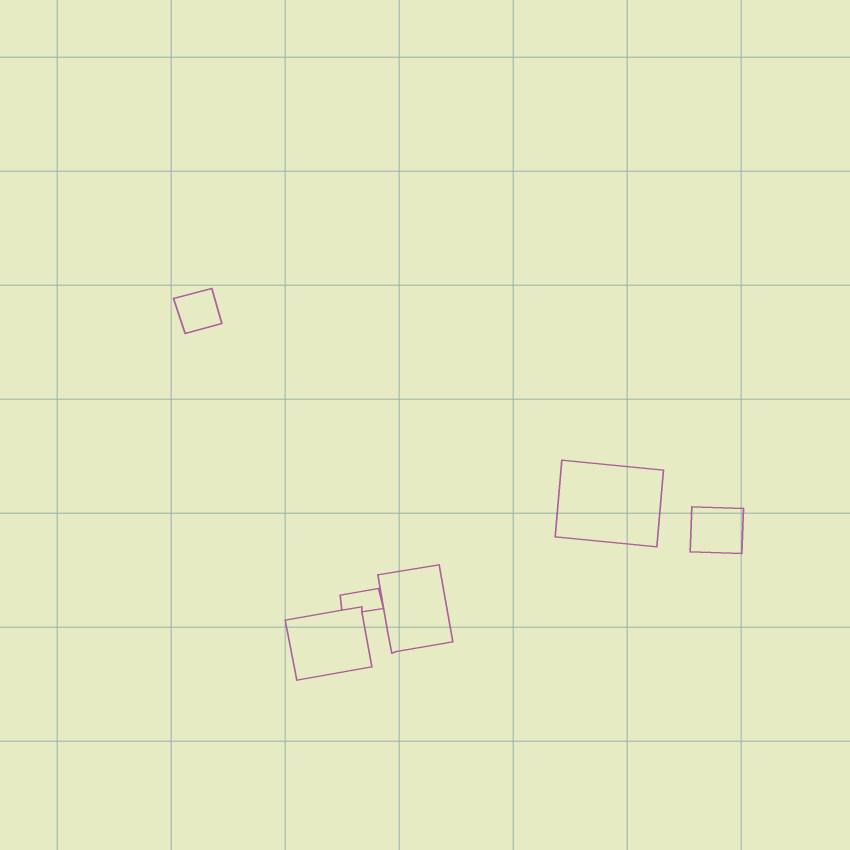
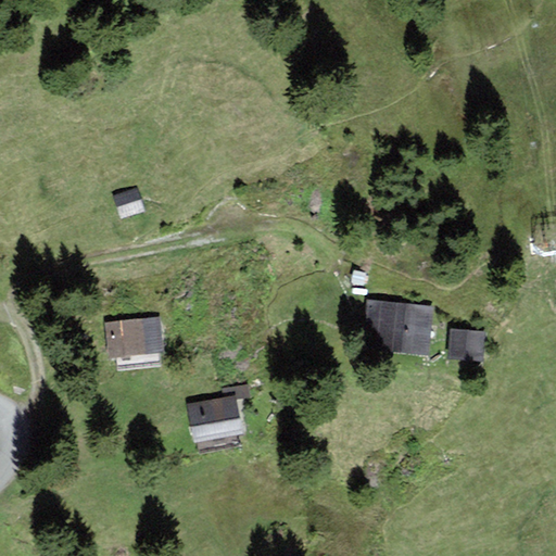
building: none -> [105,316,165,359]
building: [378,565,453,653] -> none

